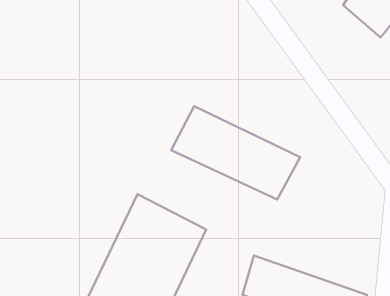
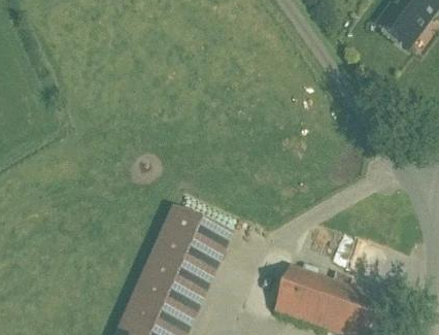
building: [171,106,300,199] -> none

